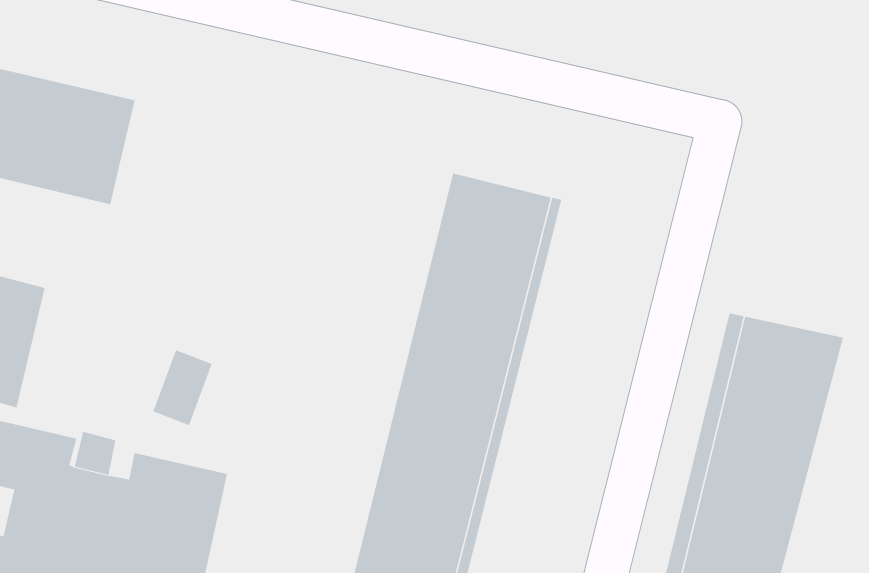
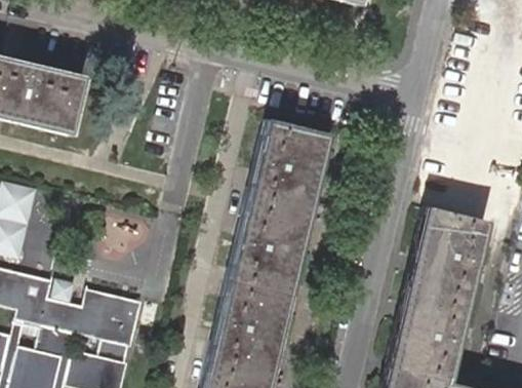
building: [152,350,213,426] -> [26,225,61,269]

